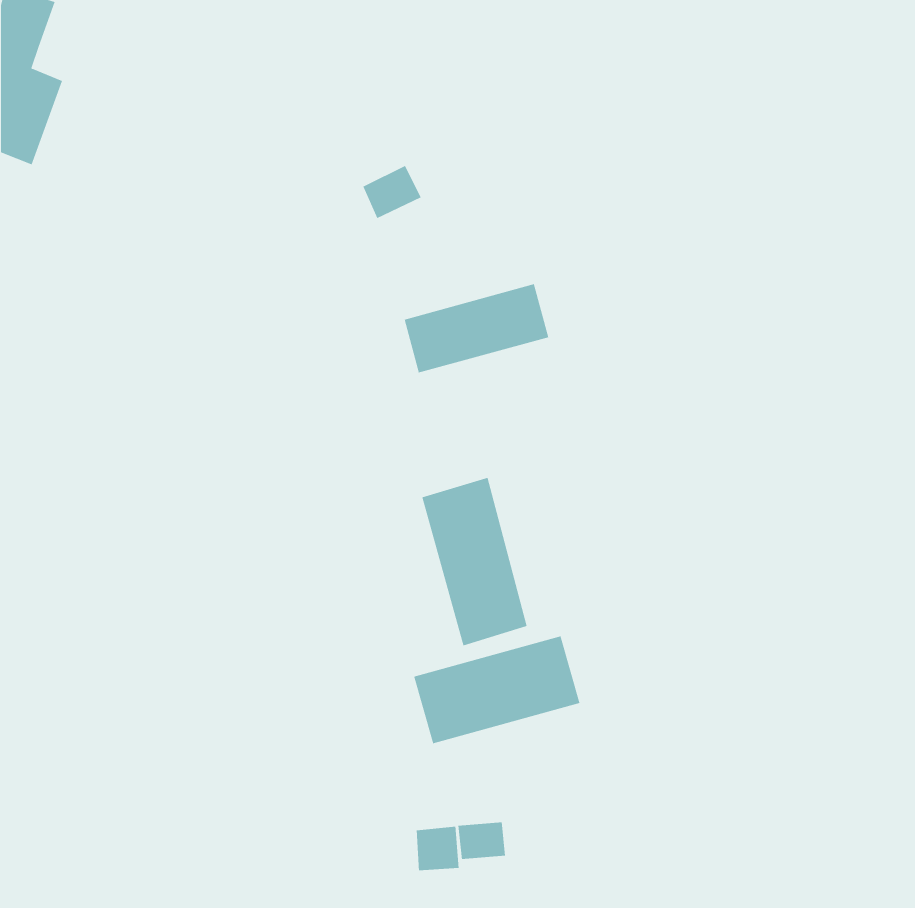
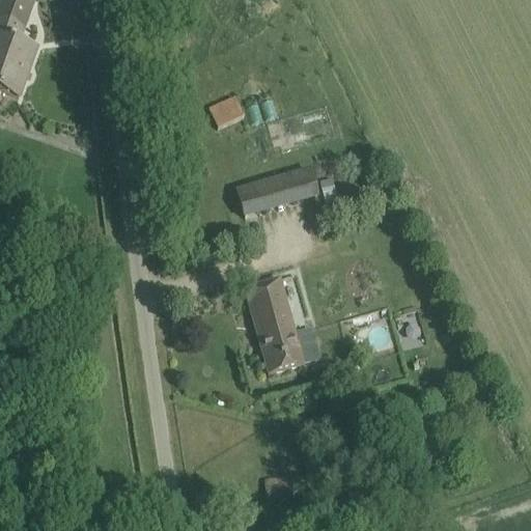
building: [414,636,580,744] -> none
building: [416,826,459,871] -> none

